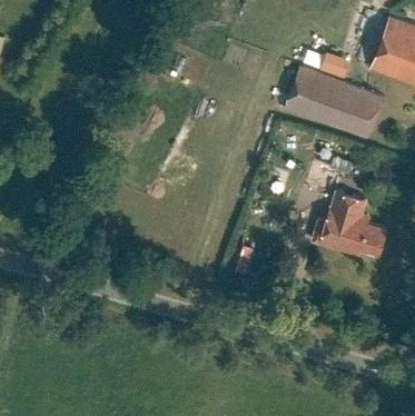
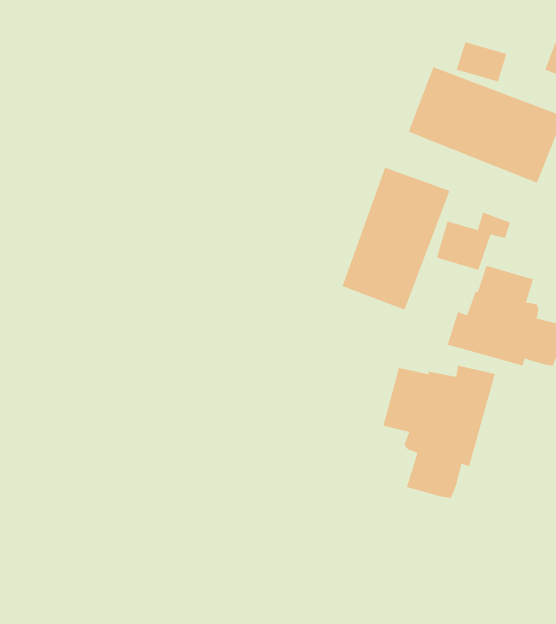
building: none -> [342,167,450,310]
building: none -> [383,365,495,499]

